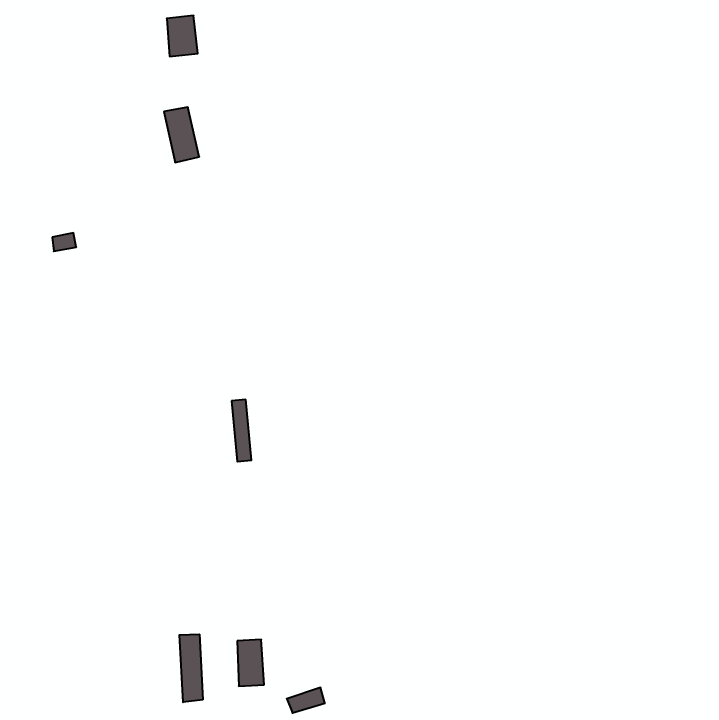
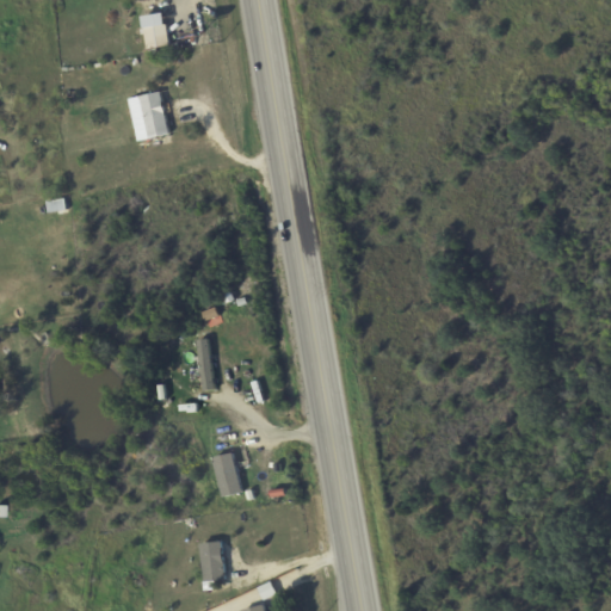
building: none -> [211,452,241,496]
building: [179,634,203,702] -> none

